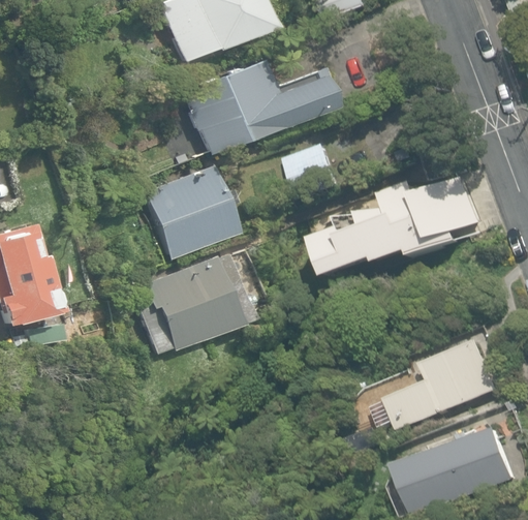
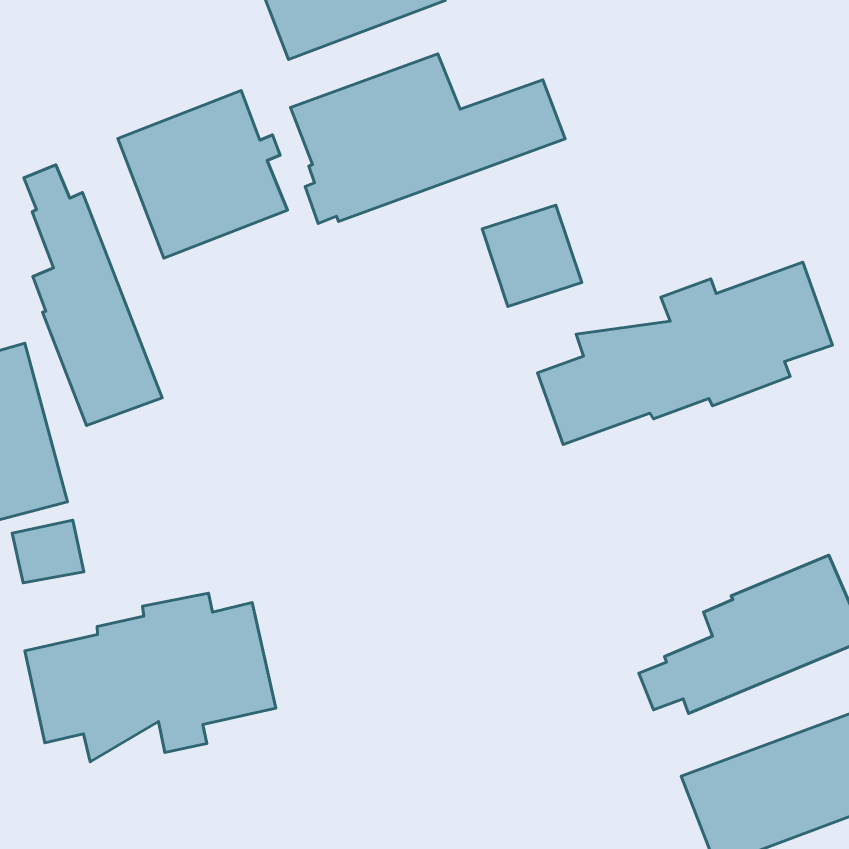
building: none -> [24,165,162,425]
building: [144,162,239,256] -> [118,91,287,258]
building: [148,251,241,348] -> none
building: none -> [25,593,276,762]

